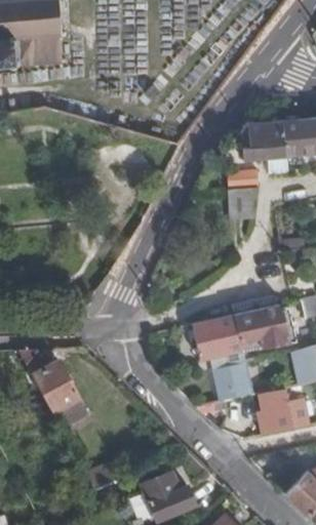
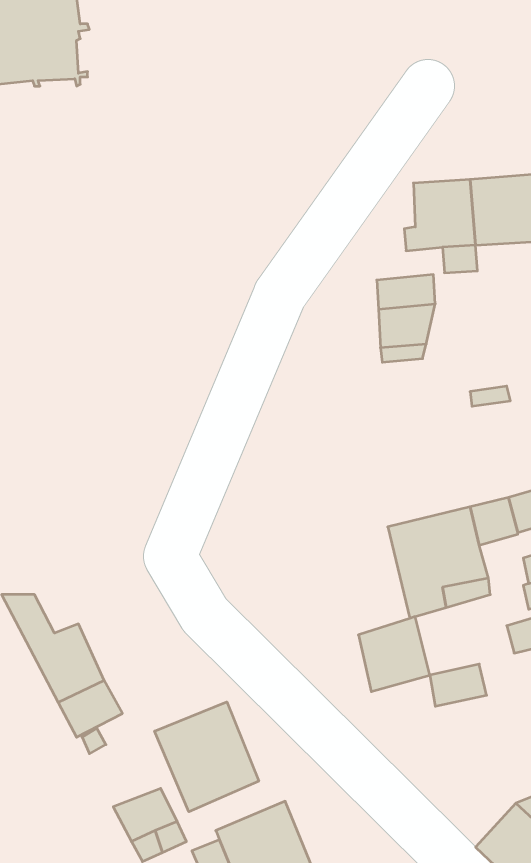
building: [195,315,246,375] -> none
building: [256,401,310,438] -> none
building: none -> [155,702,259,812]

